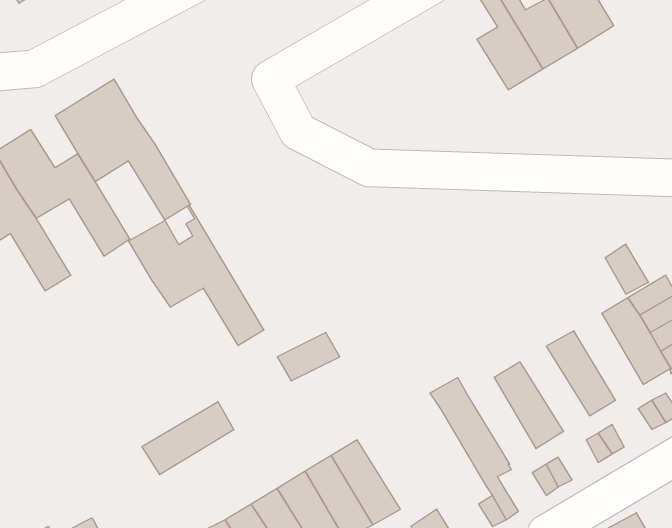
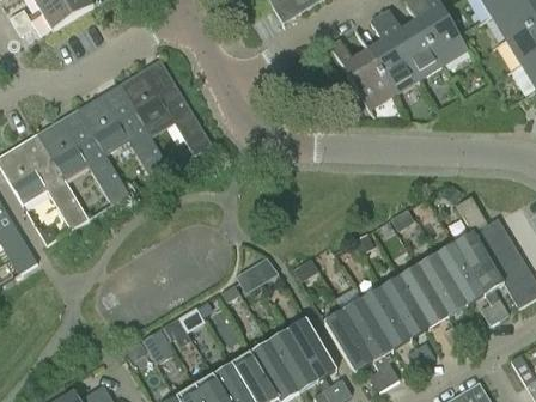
building: none -> [329,41,390,105]
building: [129,205,264,345] -> [118,57,212,154]
building: none -> [436,244,483,304]
building: none -> [398,267,446,325]
building: none -> [361,288,409,348]
building: none -> [324,310,374,373]
building: none -> [286,319,337,379]

